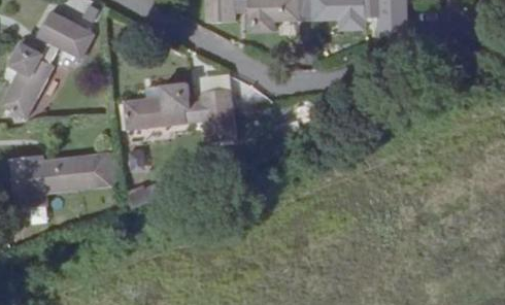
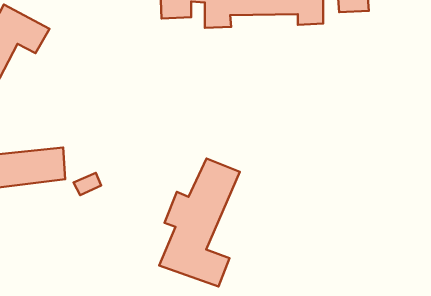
building: [124,78,235,138] -> none
building: none -> [159,159,240,286]

